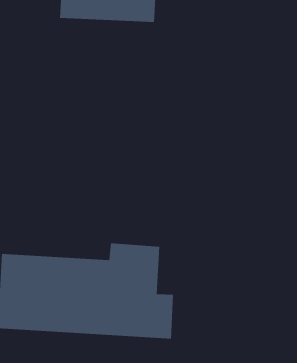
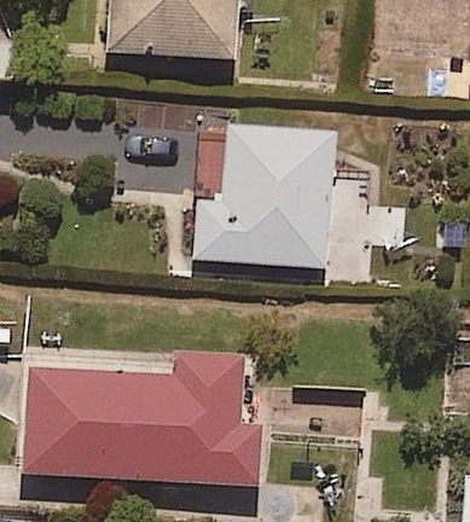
building: none -> [193,128,333,266]

